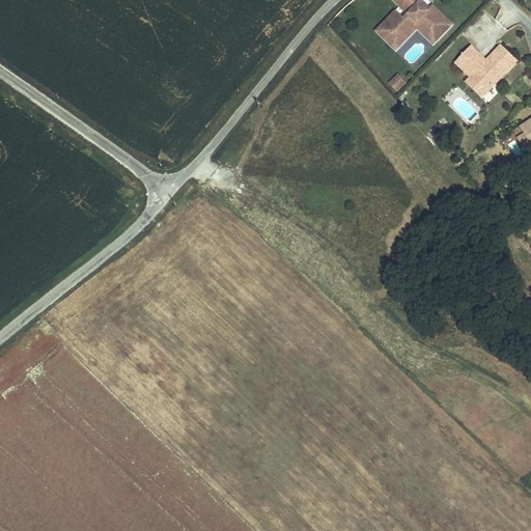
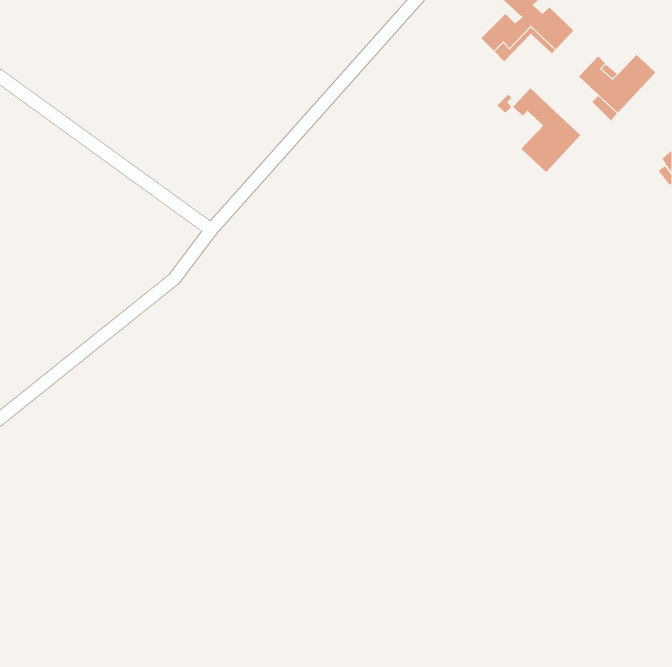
building: none -> [512,88,581,173]

